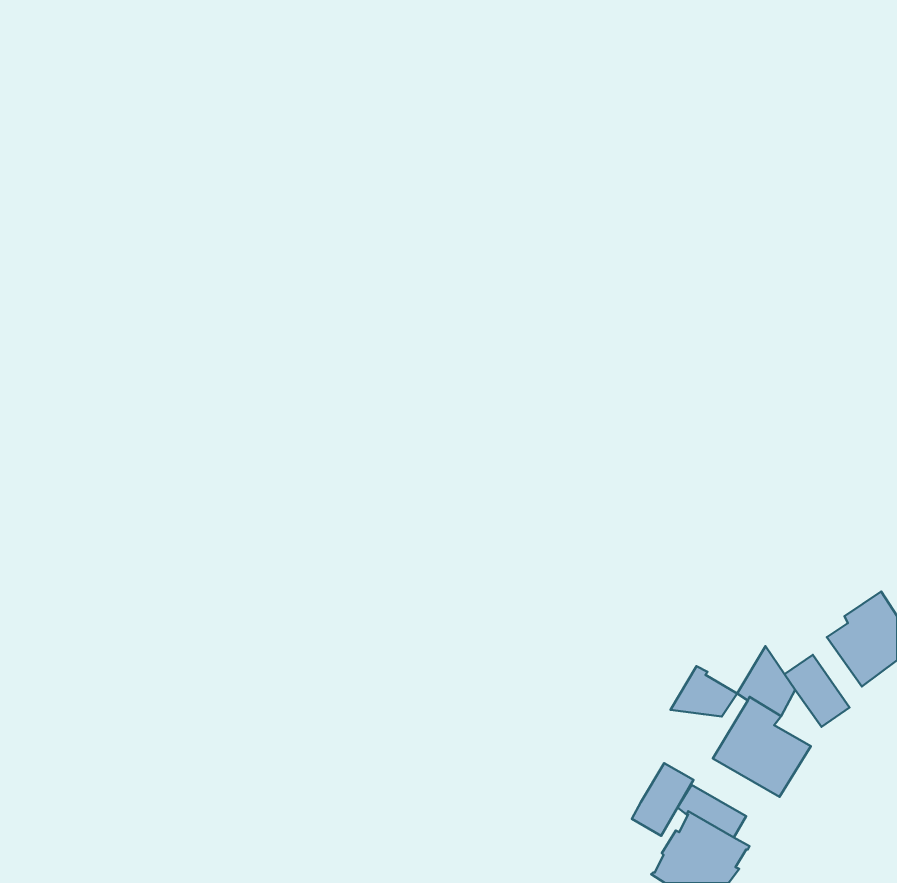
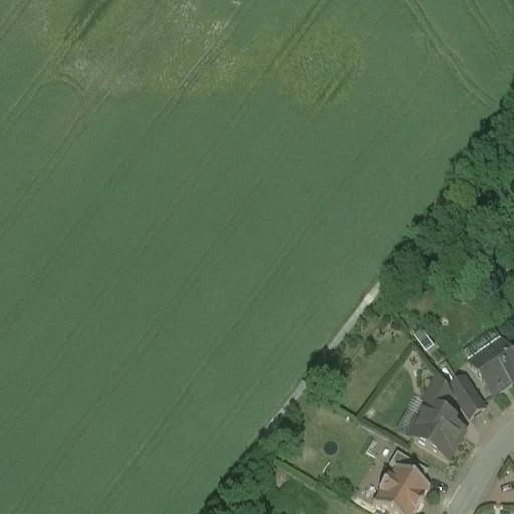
building: [670,666,737,716] -> none
building: [632,763,694,836] -> none

